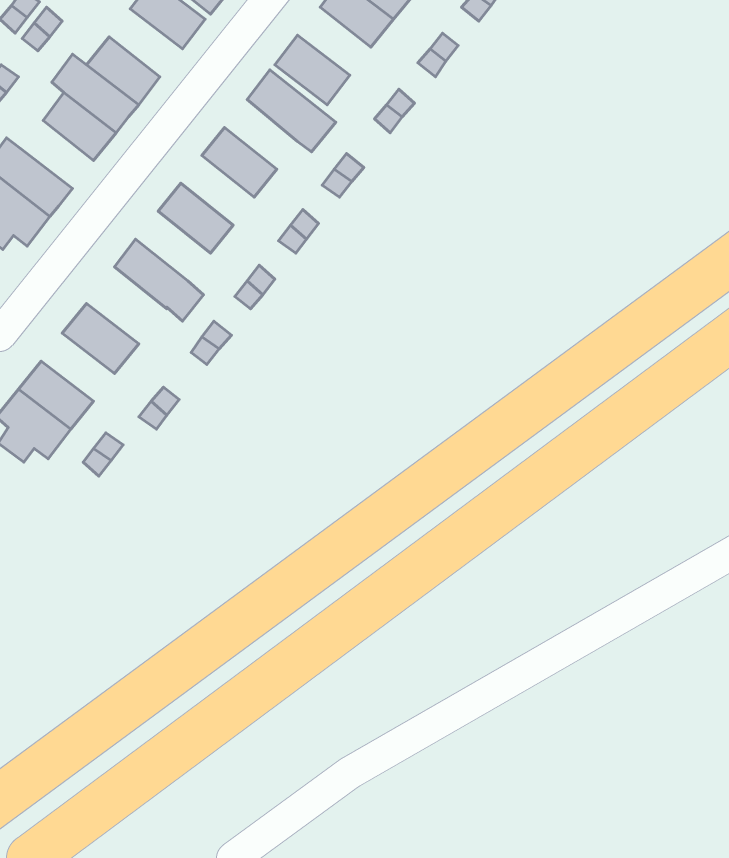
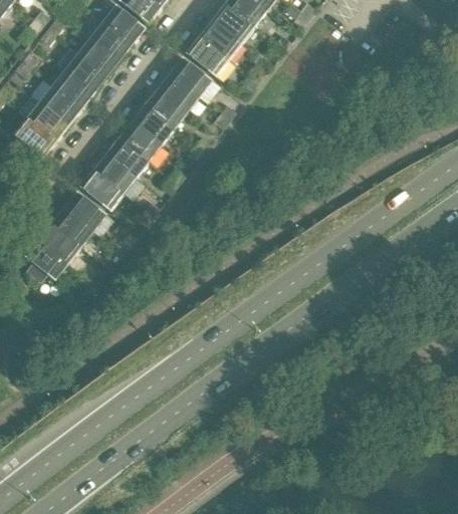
building: none -> [200,18,242,57]
building: none -> [91,19,134,58]
building: none -> [158,71,200,111]
building: none -> [40,83,82,122]
building: none -> [133,103,175,144]
building: none -> [106,136,150,176]
building: none -> [81,168,125,209]
building: none -> [52,206,94,245]

